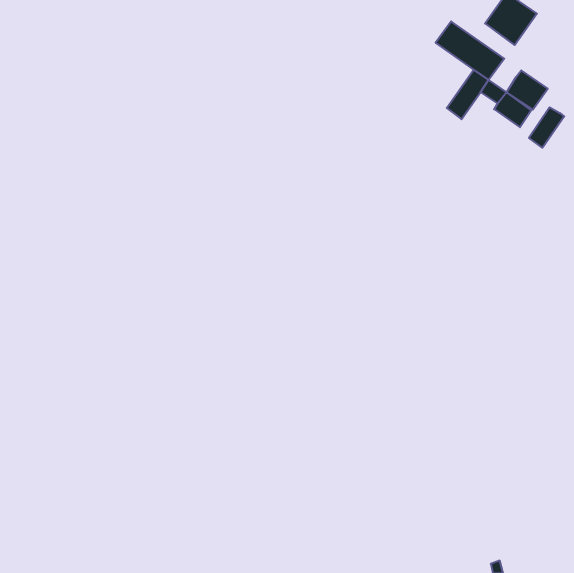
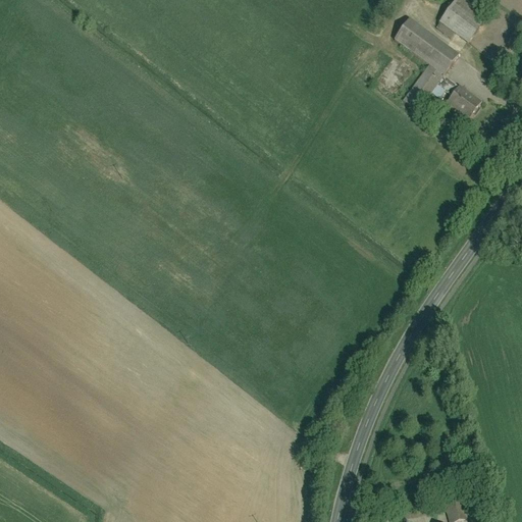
building: [507,70,548,110] -> none
building: [529,107,564,148] -> none

